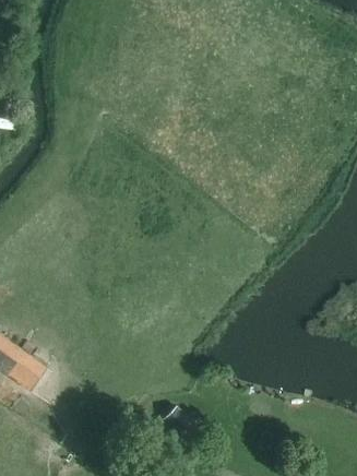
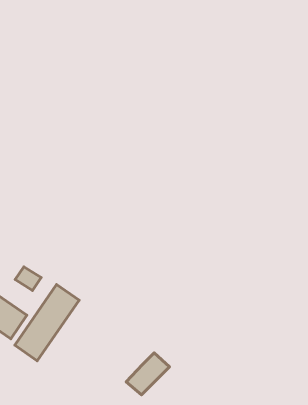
building: none -> [15,285,79,361]

